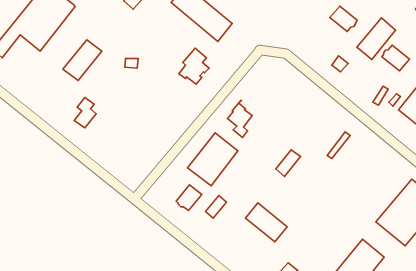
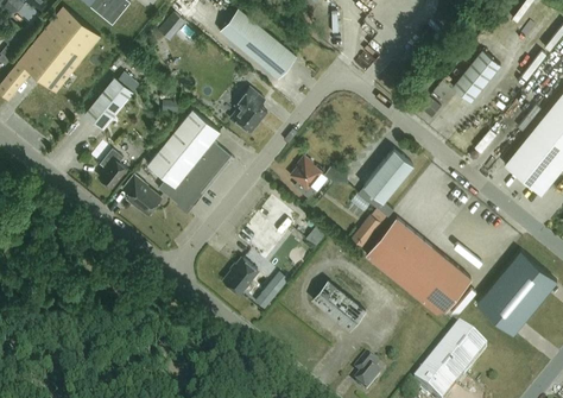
building: [330,6,357,32] -> none
building: [382,45,410,71] -> none
building: none -> [147,108,232,210]
building: none -> [363,149,412,201]
building: none -> [125,175,160,214]
building: none -> [366,217,470,315]

